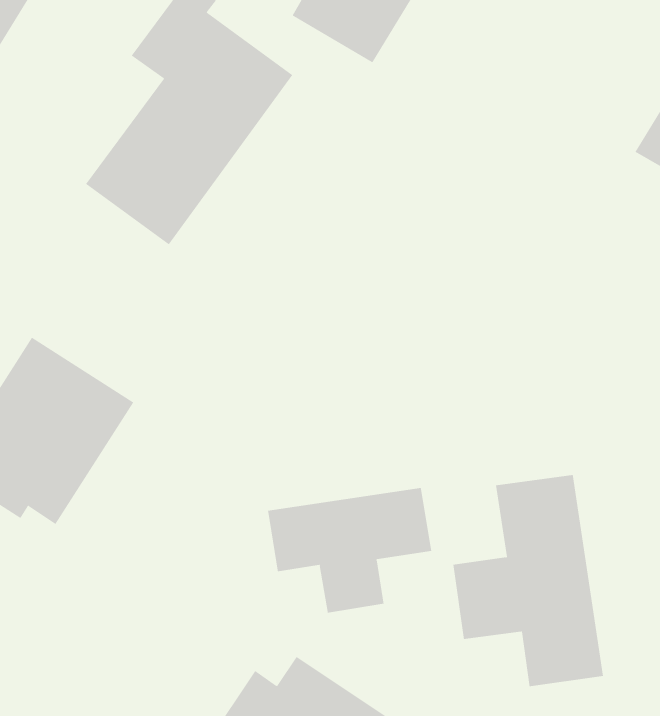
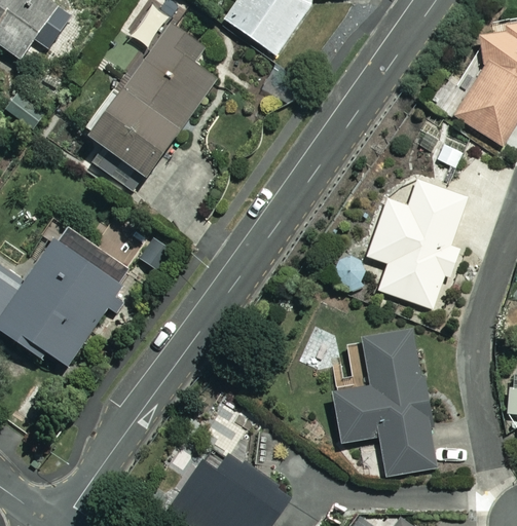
building: none -> [368,181,467,307]
building: [268,487,432,613] -> none

